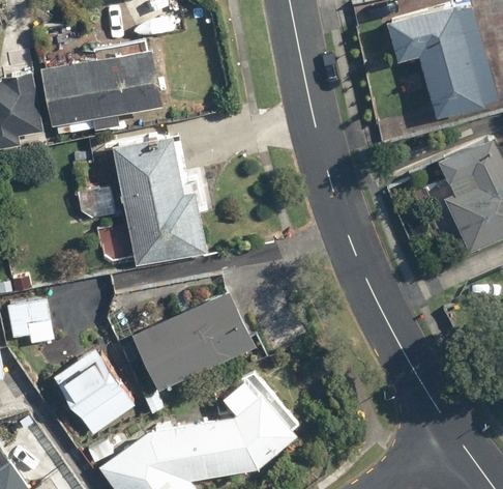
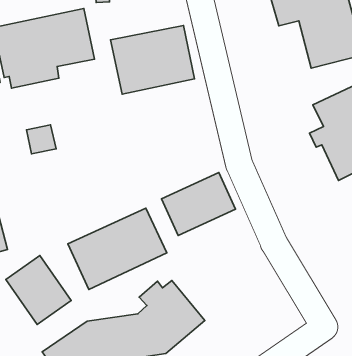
building: none -> [111,25,195,94]
building: [105,132,208,268] -> none
building: none -> [162,173,235,235]

